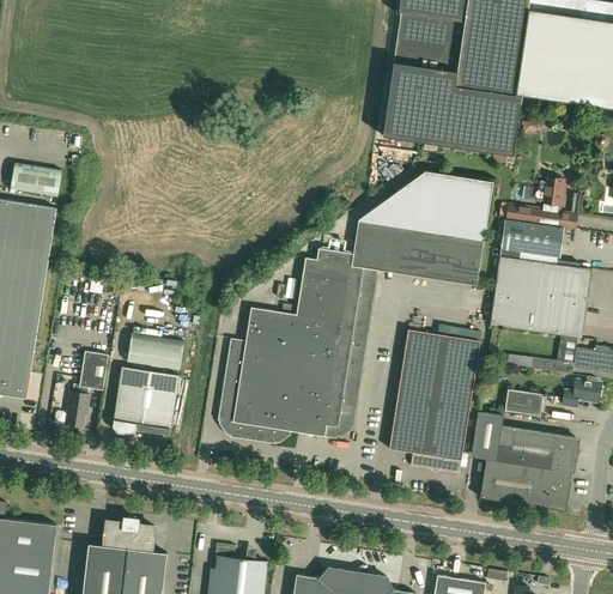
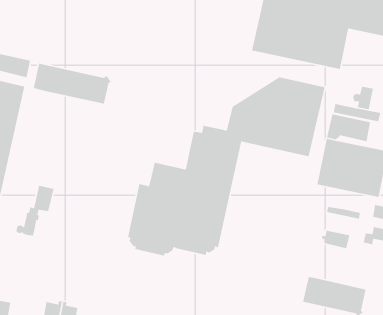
building: none -> [33,63,112,104]
building: [389,329,480,473] -> none
building: [126,333,184,369] -> none
building: [113,366,180,436] -> none
building: [472,411,578,473] -> none

